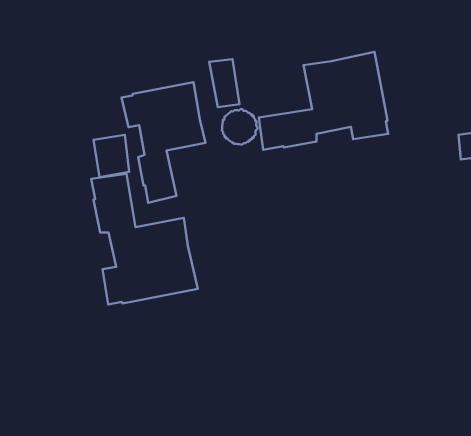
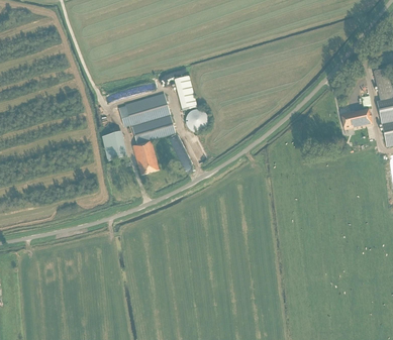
building: [259,52,388,150] -> none
building: [91,174,198,304] -> none

